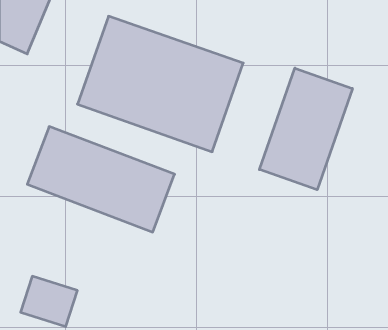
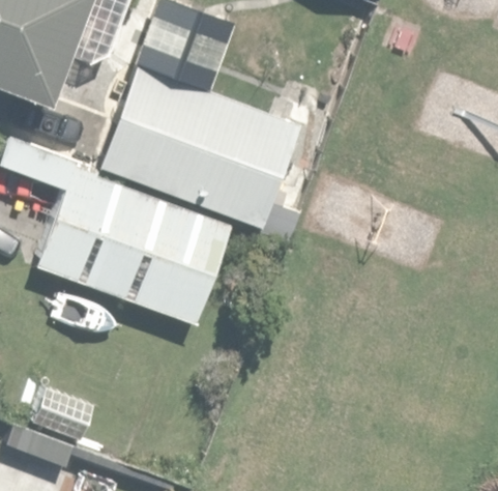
building: [259,68,352,190] -> none

